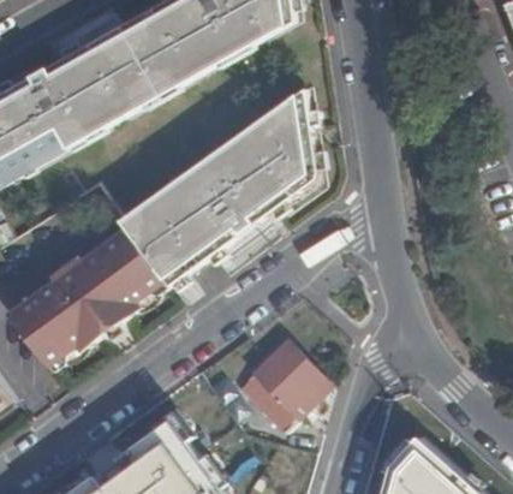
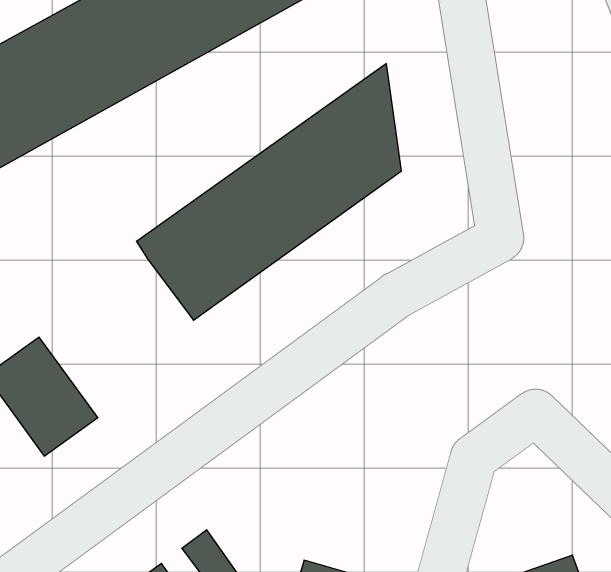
building: [50,233,171,346] -> none
building: [238,345,329,435] -> none

